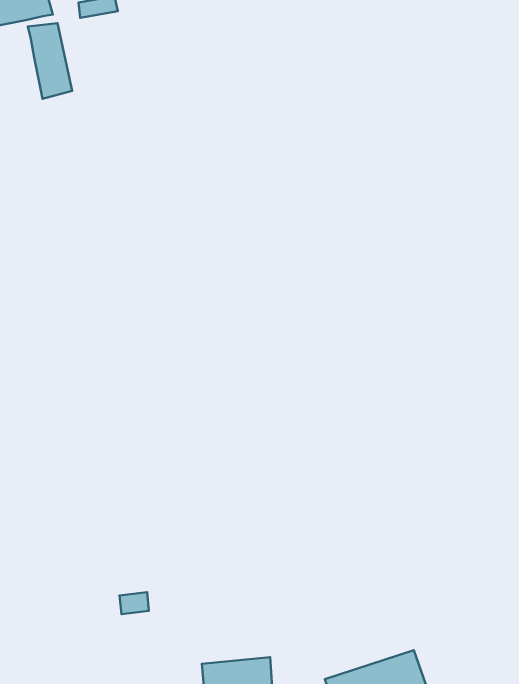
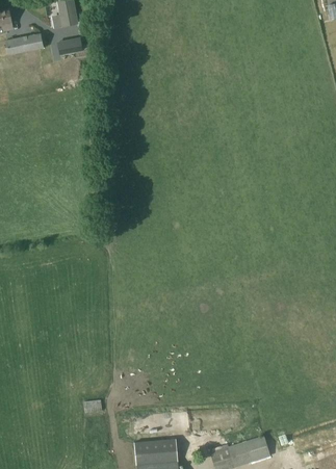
building: [28,23,72,99] -> none

